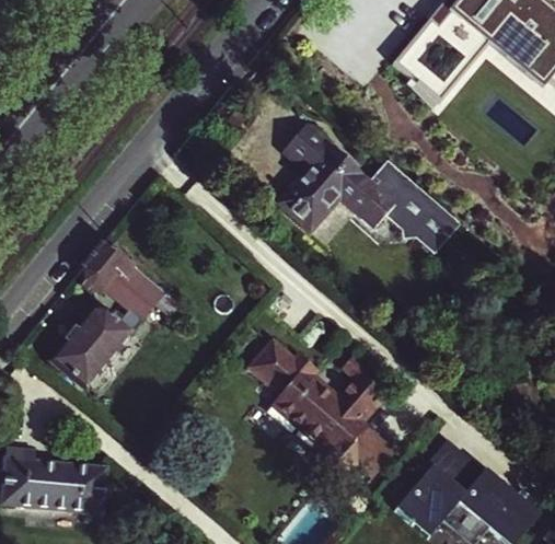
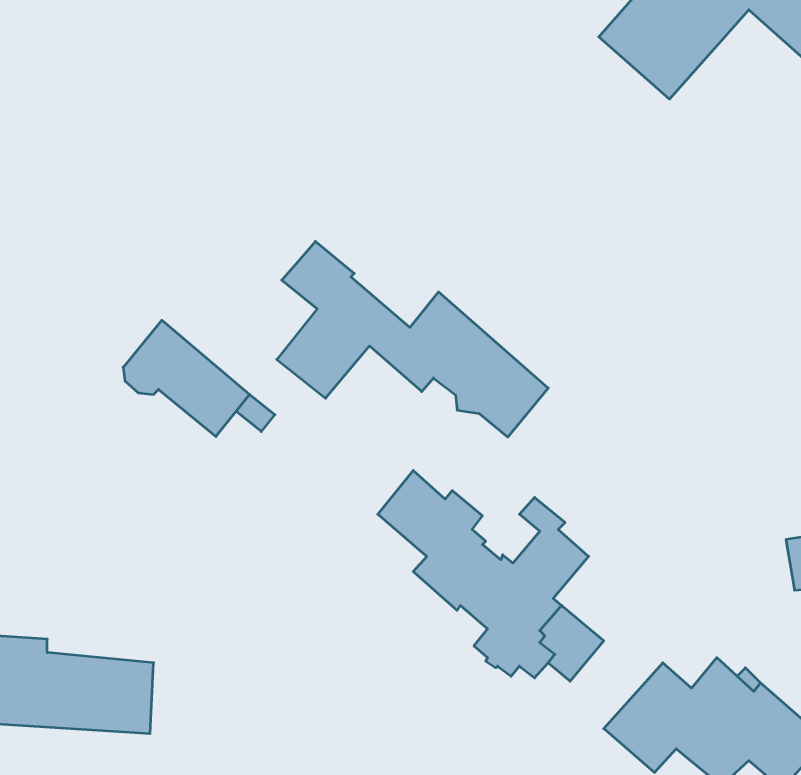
building: [284,128,460,255] -> [277,241,548,437]
building: [55,311,132,389] -> none
building: [429,439,472,482] -> none

